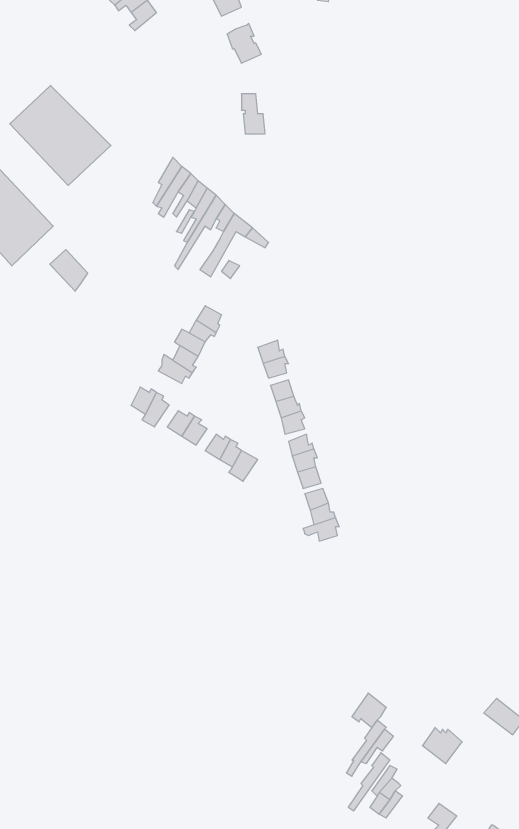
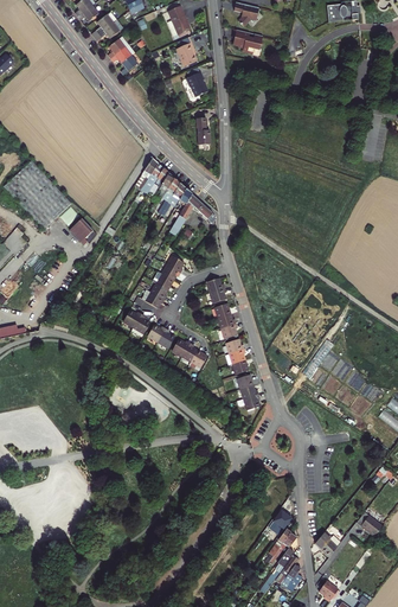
building: [10,85,111,185] -> none

